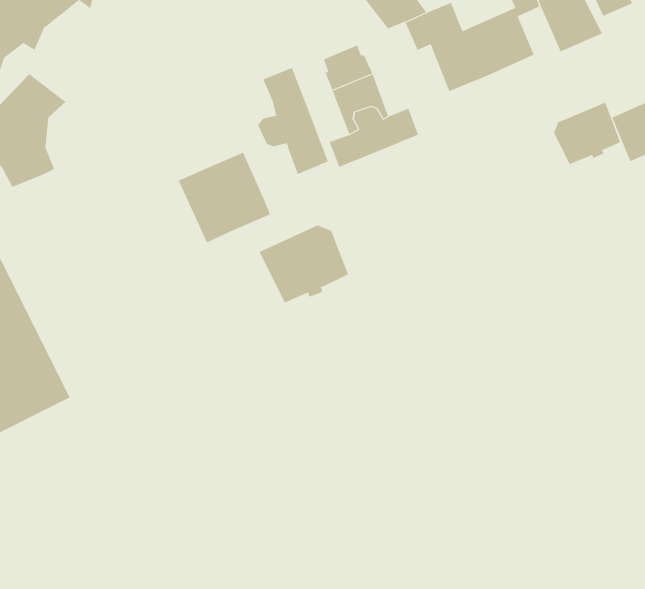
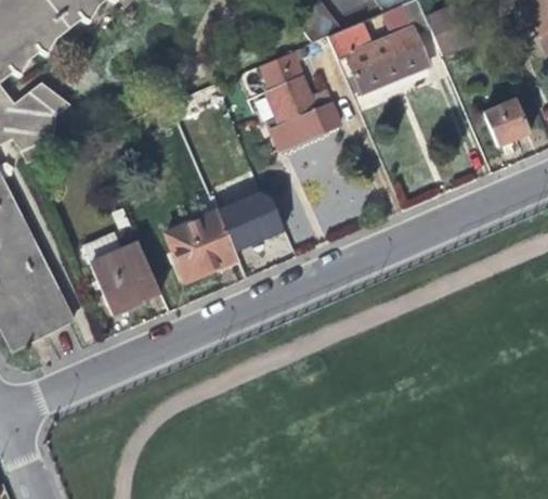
building: [258,67,329,175] -> none
building: [553,102,621,165] -> none
building: [178,152,271,243] -> [166,210,236,280]
building: none -> [88,243,160,314]

